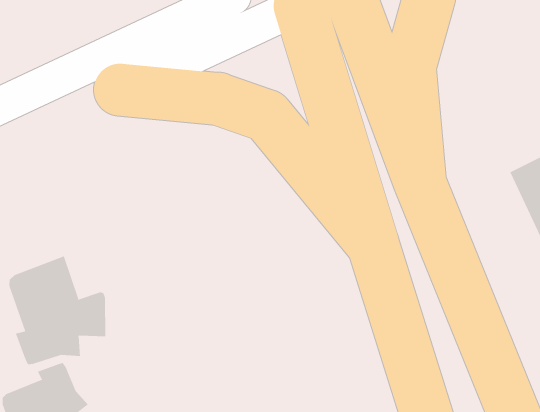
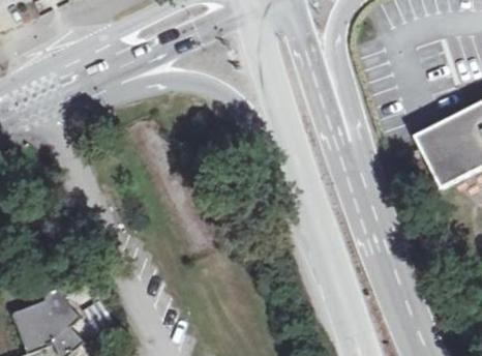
building: [9,255,106,365] -> none

